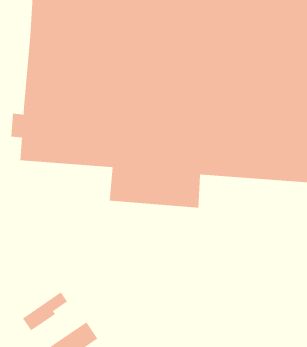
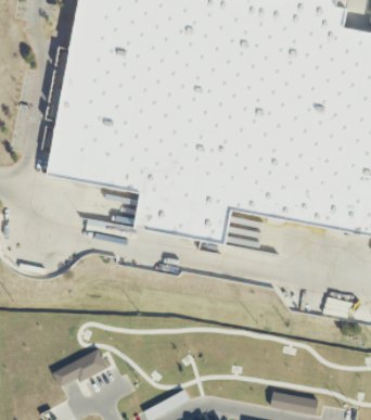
building: [22,292,68,331] -> none

